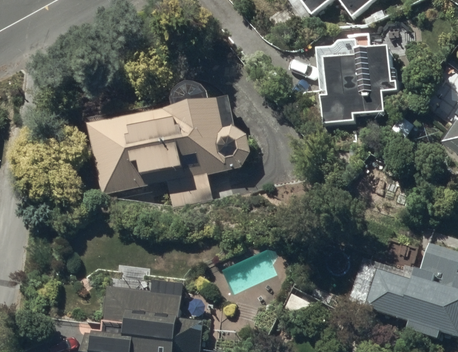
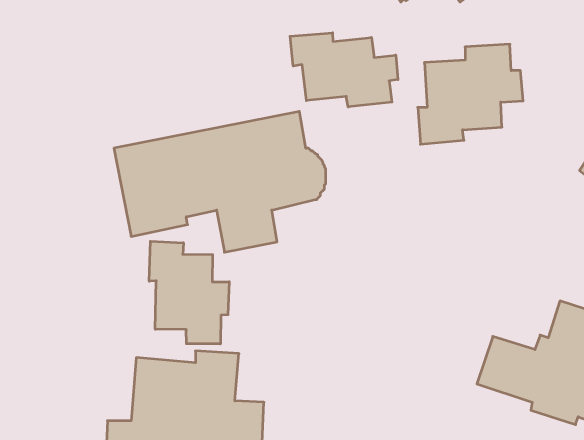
building: none -> [290,33,398,107]
building: none -> [149,241,229,344]

